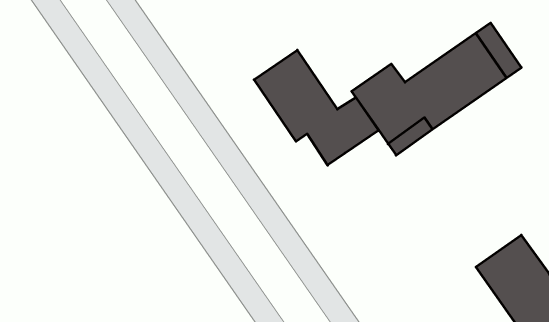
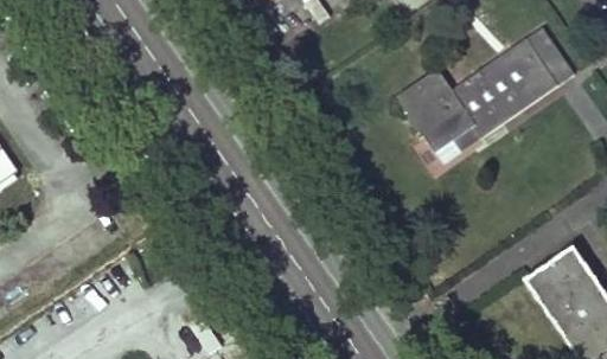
building: [254,50,379,165] -> none

